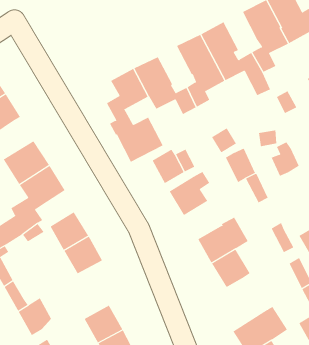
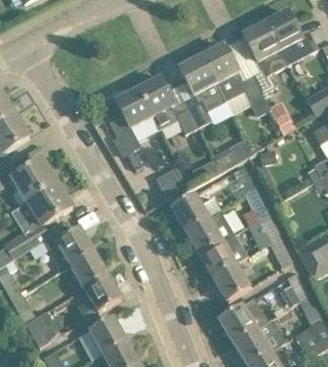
building: [271,142,300,177] -> [252,213,280,247]
building: none -> [186,209,235,253]
building: none -> [72,274,121,318]
building: none -> [218,298,266,342]

